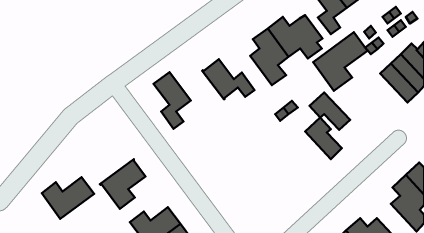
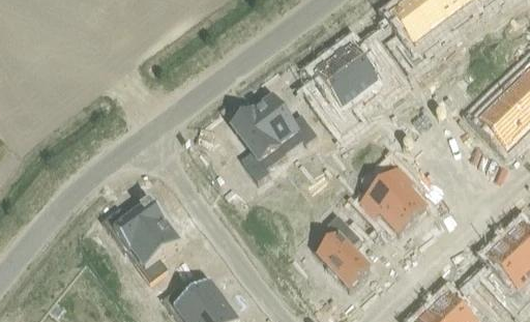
building: [313,32,367,91] -> none
building: [154,72,191,129] -> [232,108,278,178]
building: [309,93,350,130] -> [361,183,412,230]
building: none -> [319,215,370,284]
building: [42,177,94,219] -> [101,197,167,248]

